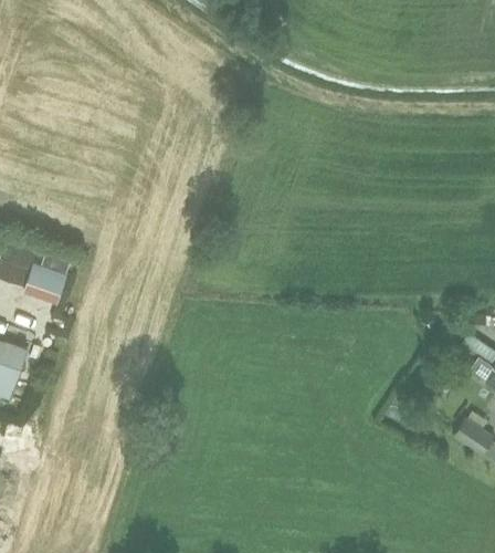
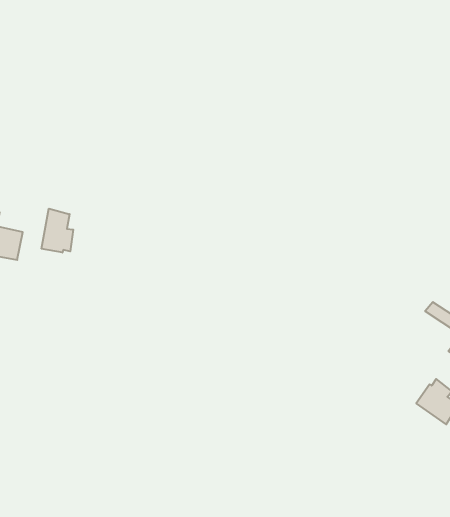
building: none -> [42,209,73,253]

